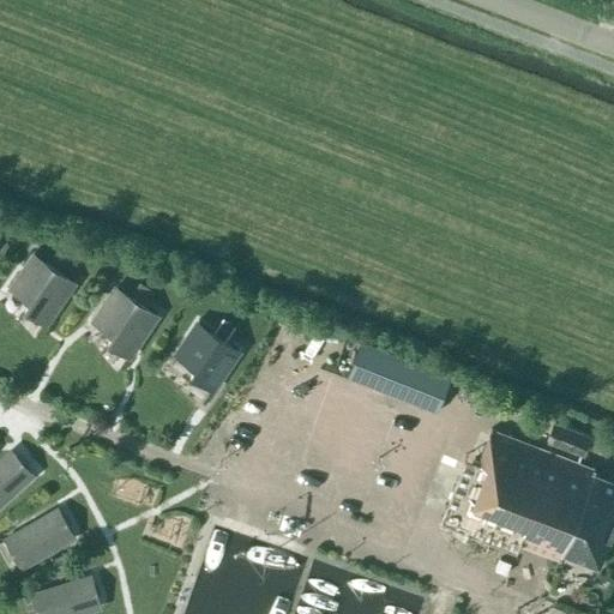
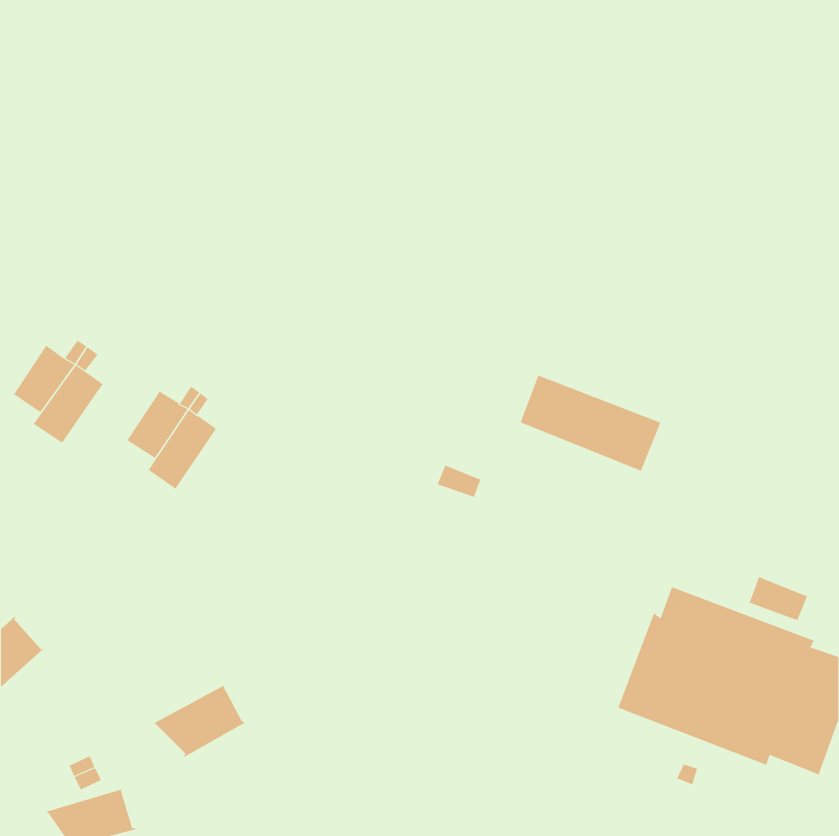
building: [175,321,240,392] -> none
building: [348,343,451,414] -> [520,375,661,472]
building: [6,511,73,564] -> [154,685,246,757]

